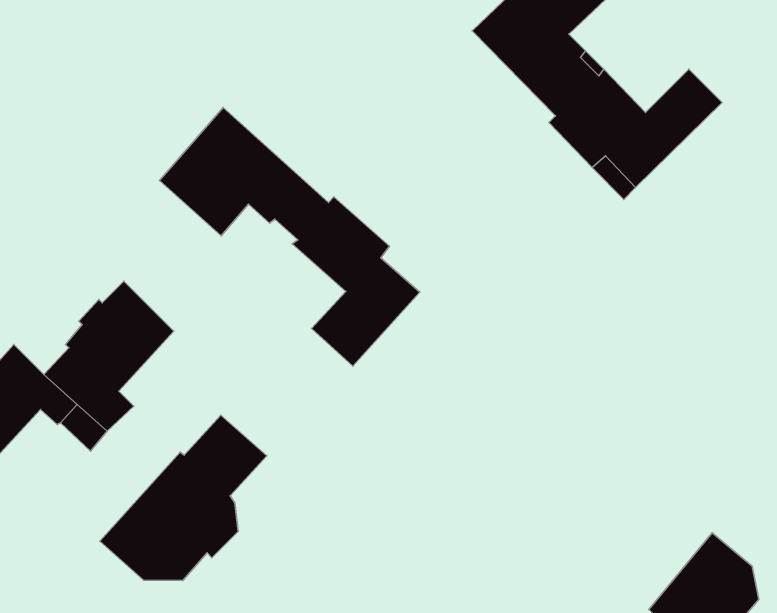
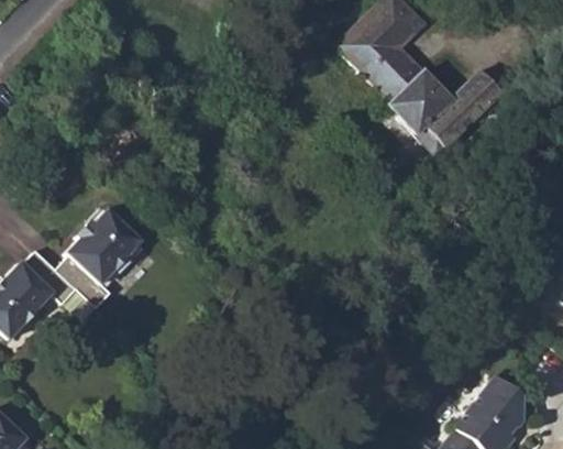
building: [159,108,420,366] -> none
building: [100,415,267,581] -> none

